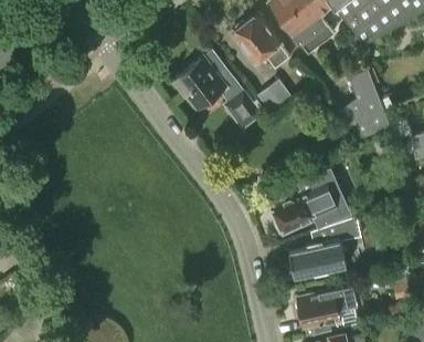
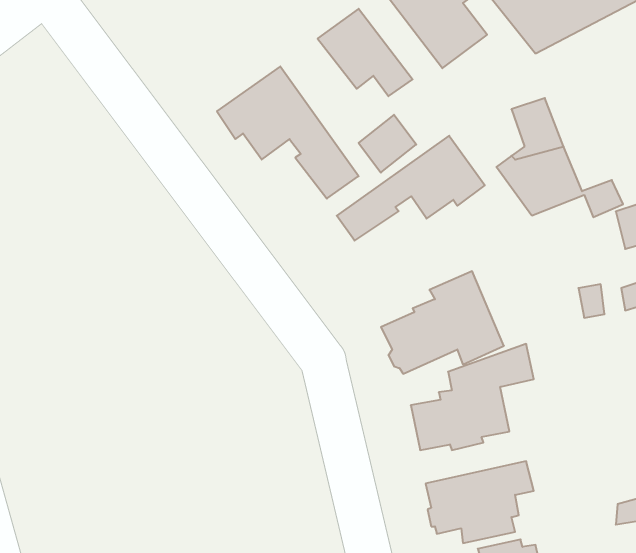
building: none -> [337,136,485,241]

